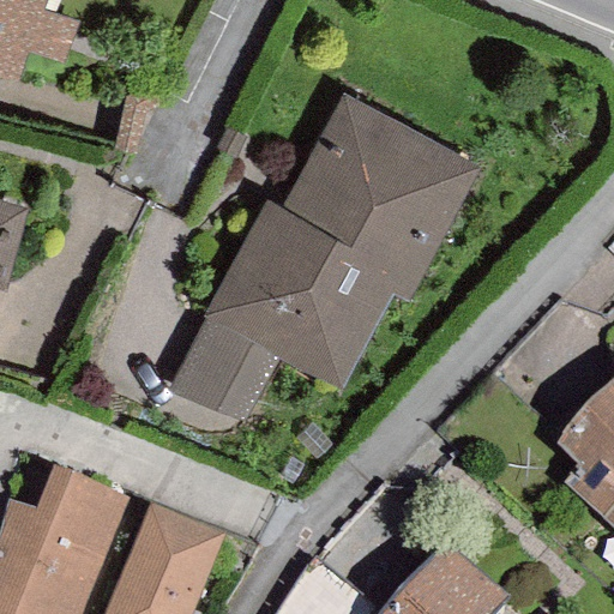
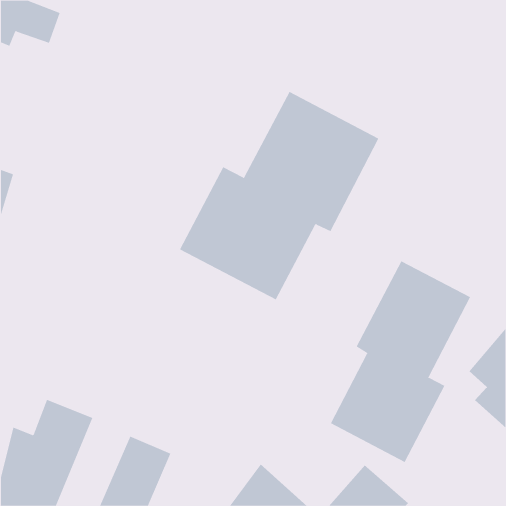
building: [174,315,272,416] -> none
building: none -> [330,261,471,463]

